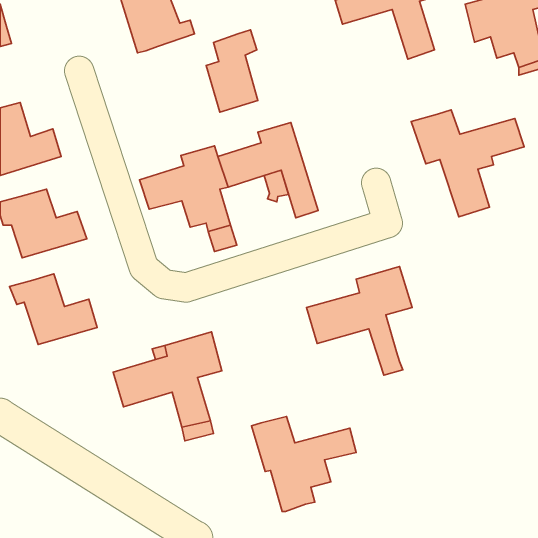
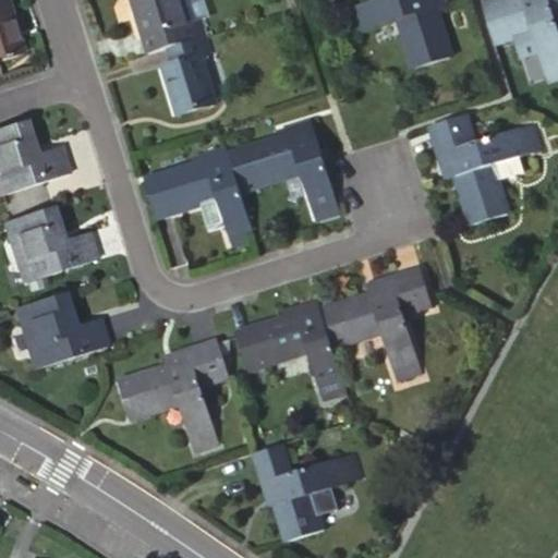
building: [206,30,258,112] -> [157,35,210,120]
building: none -> [233,305,343,408]

